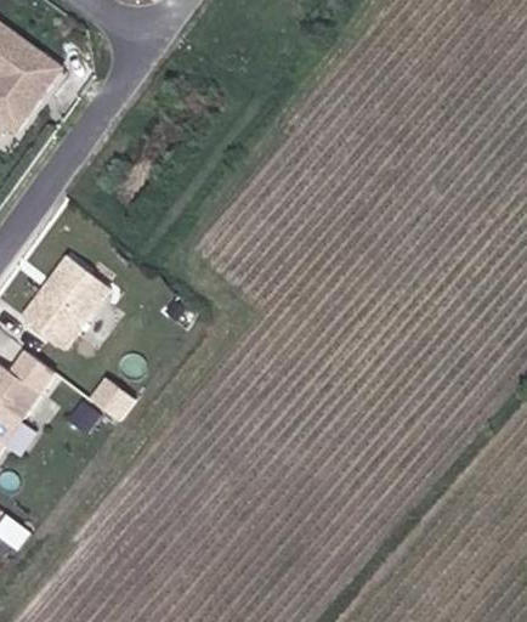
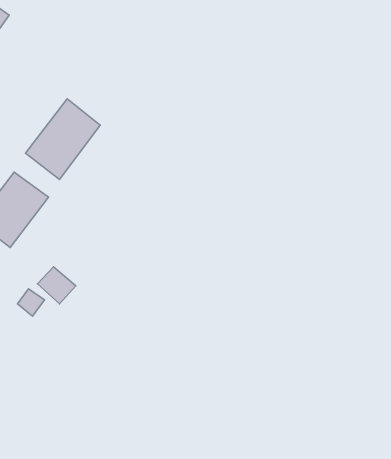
building: none -> [25,99,100,179]

